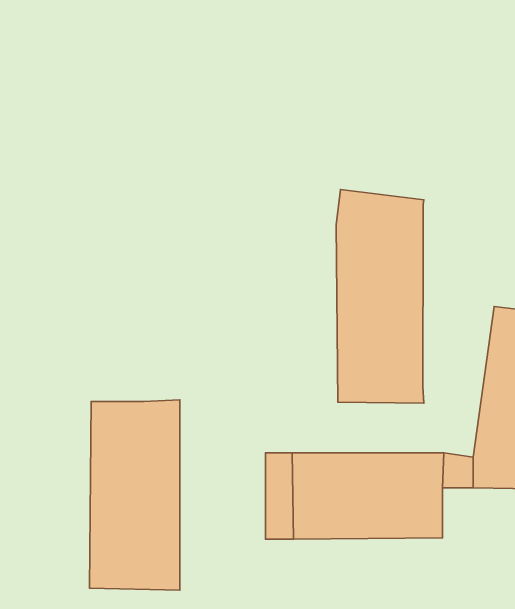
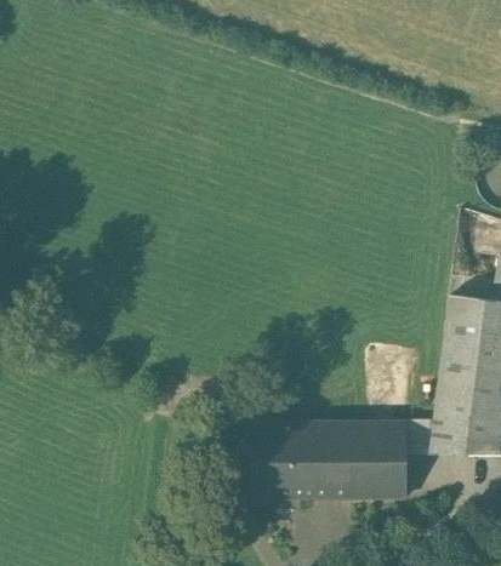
building: [336,189,424,403] -> none
building: [90,400,180,590] -> none

